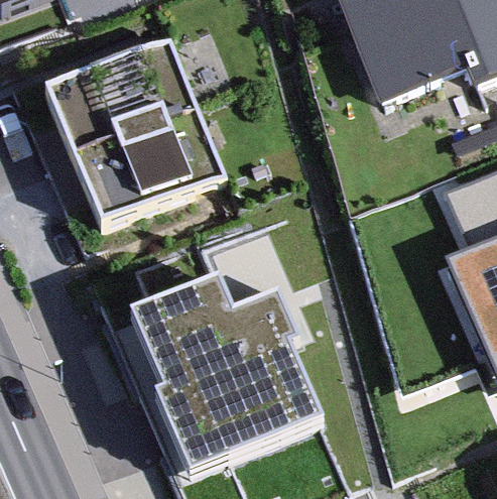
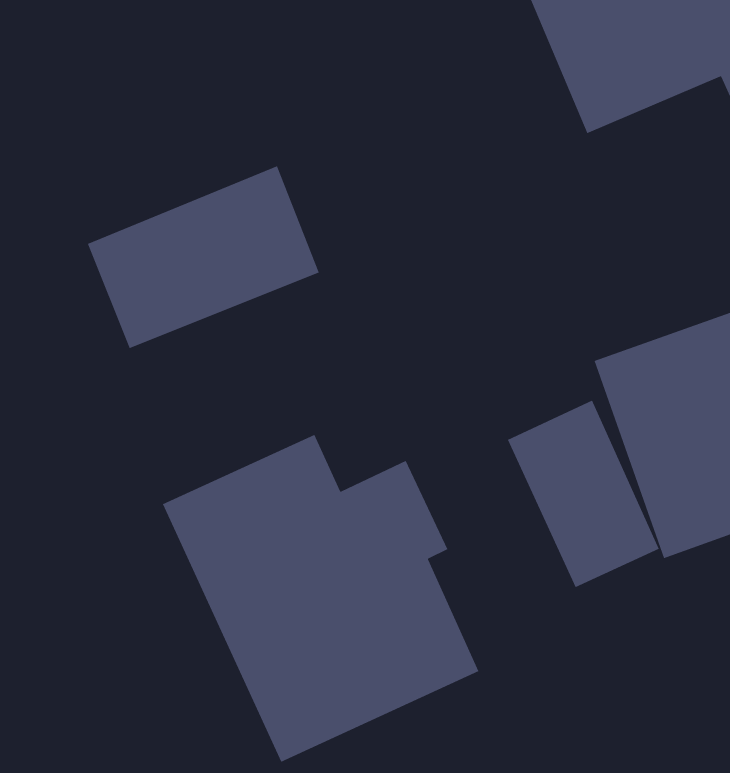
building: [51,39,197,153] -> none
building: none -> [507,400,660,588]

